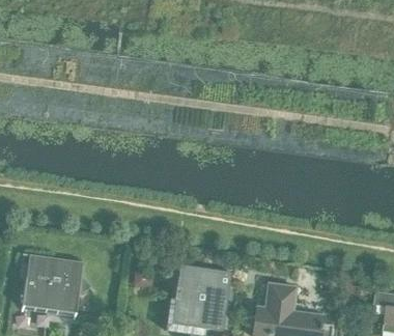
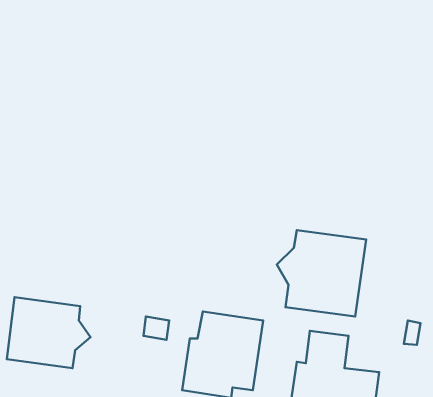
building: none -> [277,230,366,317]

